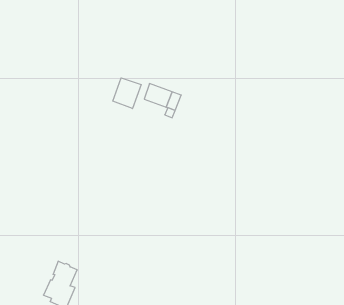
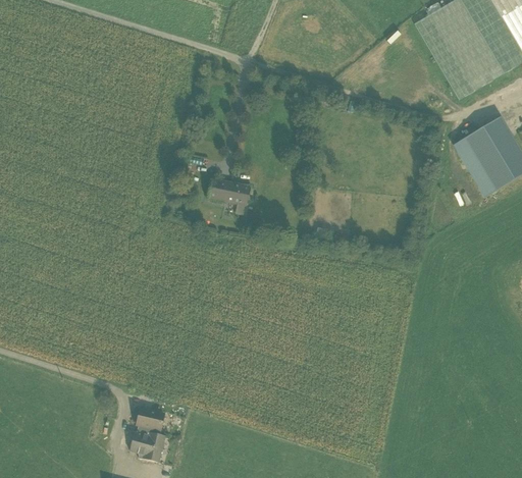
building: [113,78,141,109] -> none

